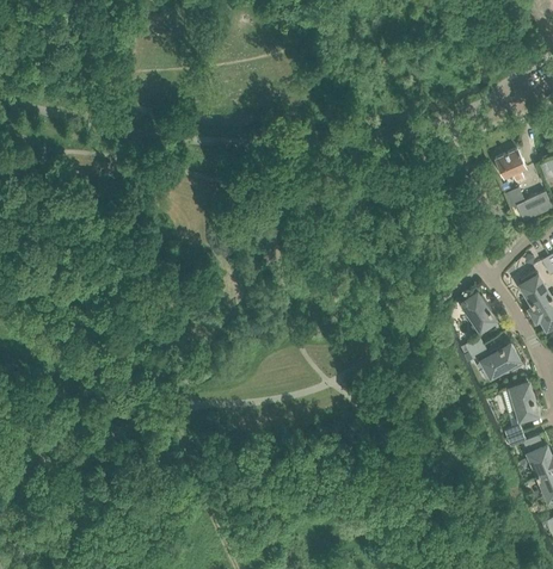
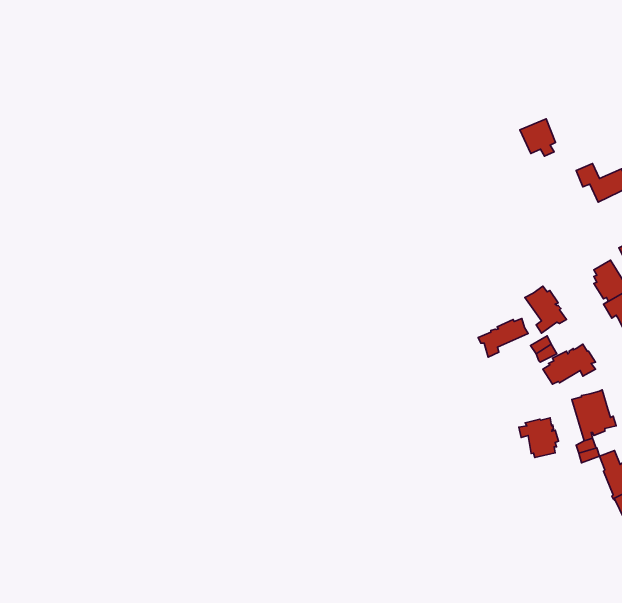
building: [493,149,524,181] -> [520,119,556,156]
building: none -> [478,319,528,357]
building: none -> [519,418,559,458]

